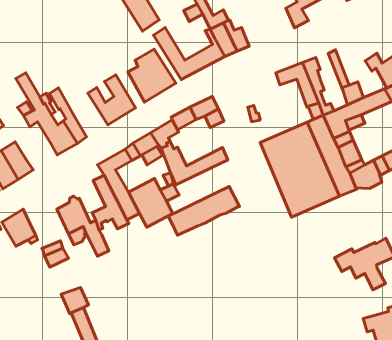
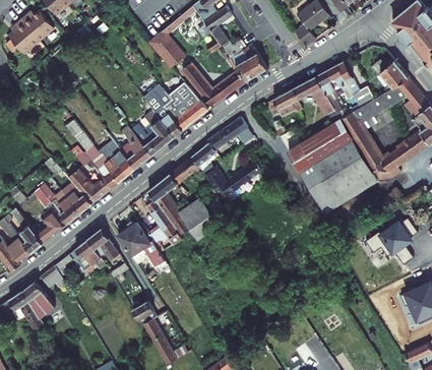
building: none -> [143,83,182,136]
building: none -> [327,65,354,98]
building: none -> [268,88,303,116]
building: none -> [121,126,152,168]
building: none -> [69,169,112,203]
building: [168,187,239,235] -> none
building: none -> [88,228,119,260]

